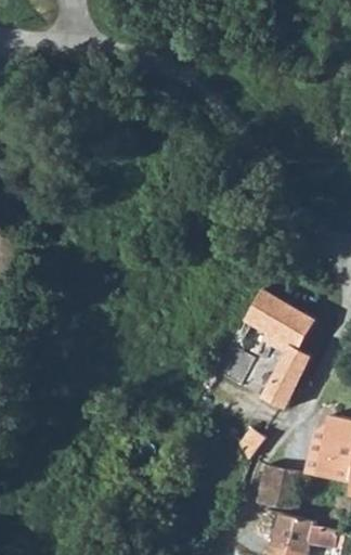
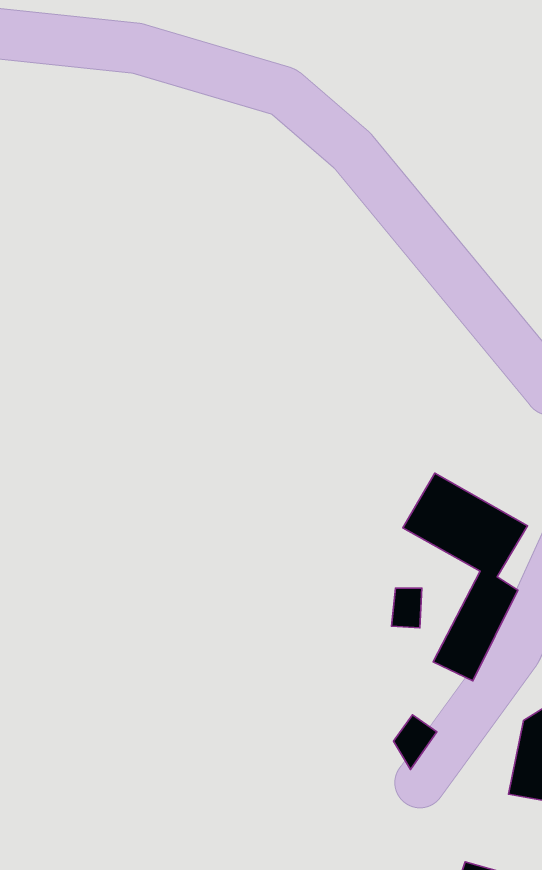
building: [257,465,304,509] -> none

